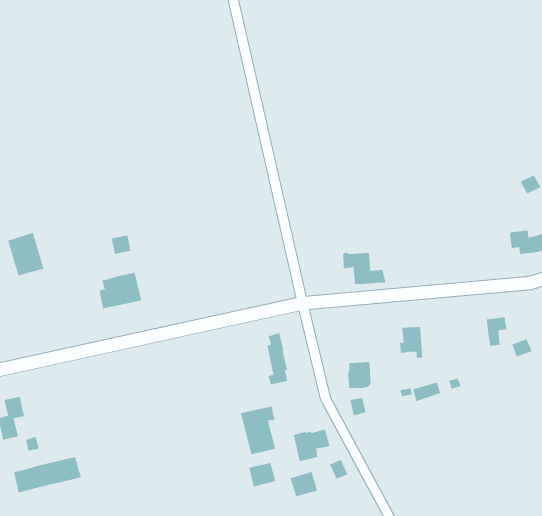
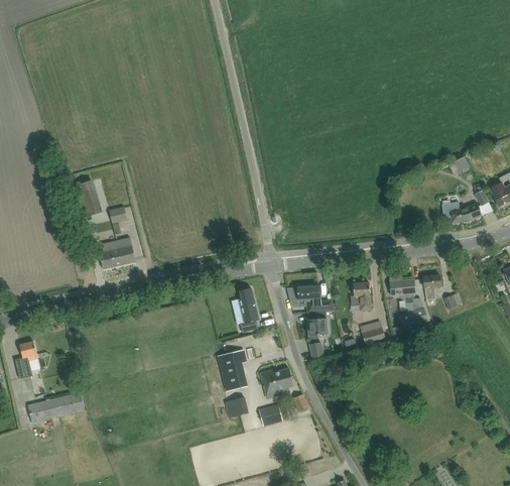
building: [7,232,44,276] -> [70,179,101,217]
building: [342,252,387,285] -> [296,285,334,313]
building: none -> [389,277,426,326]

